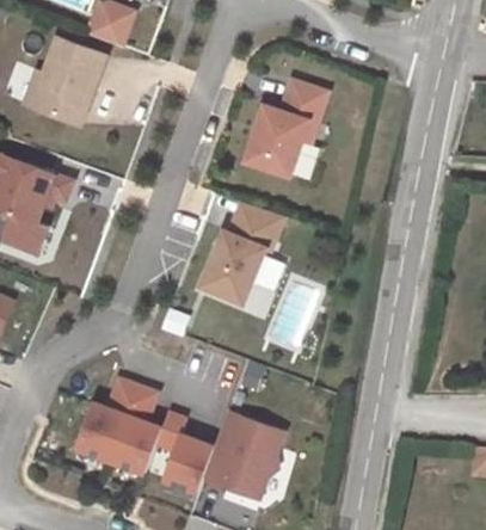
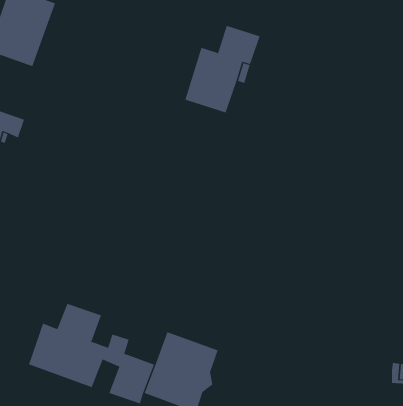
building: [202,201,284,302] -> none

